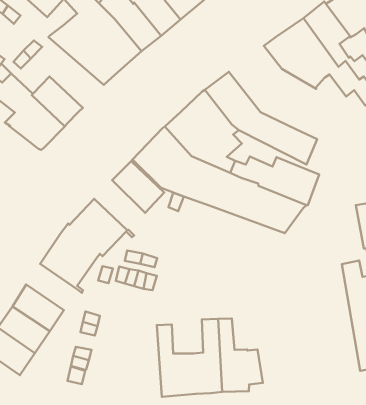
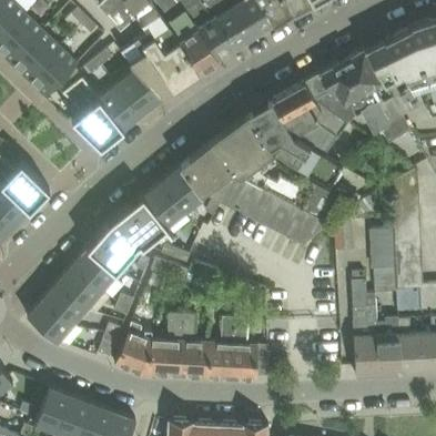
building: none -> [274,81,349,158]
building: none -> [116,70,161,115]
building: none -> [142,182,185,227]
building: none -> [73,247,118,291]
building: none -> [115,313,183,377]

